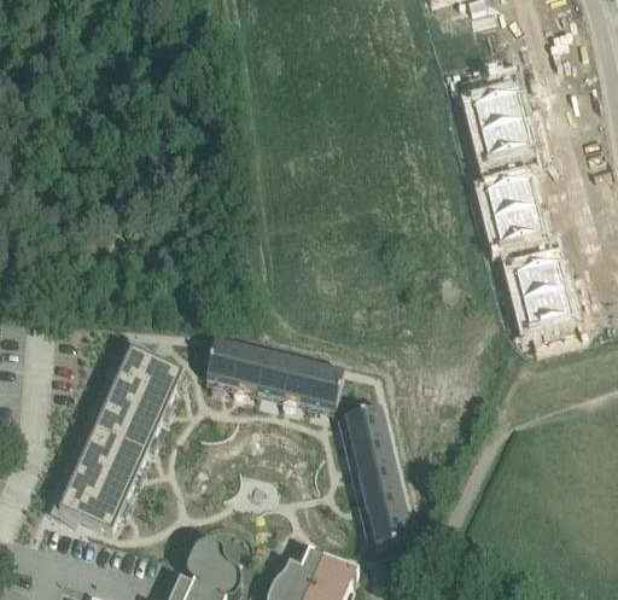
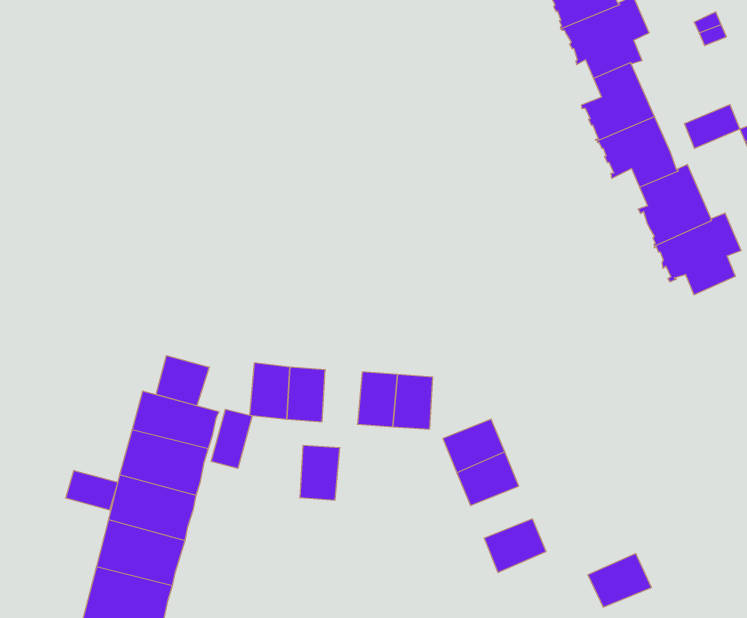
building: none -> [685,104,740,149]
building: none -> [156,356,209,406]
building: [257,351,292,395] -> [300,445,340,500]
building: none -> [211,409,252,468]
building: none -> [66,470,118,510]
building: [355,459,398,493] -> none
building: [367,509,412,544] -> [588,554,651,607]

